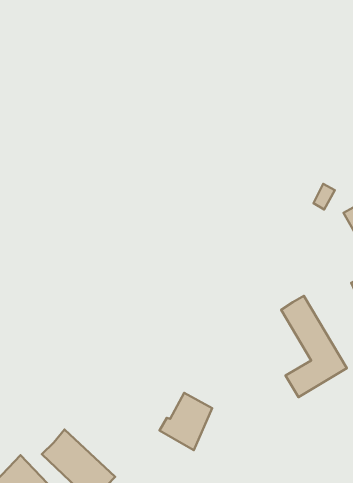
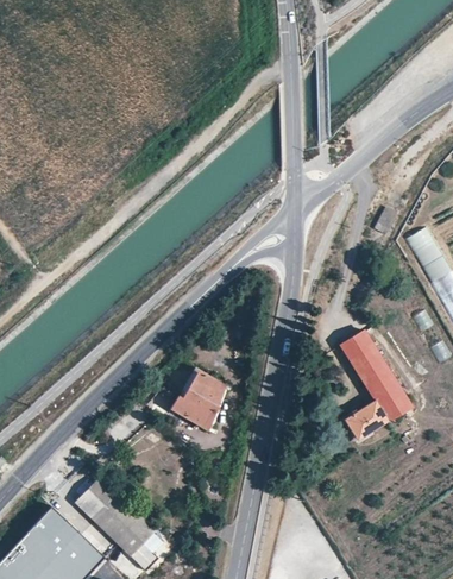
building: [159,393,212,450] -> [170,369,228,432]

